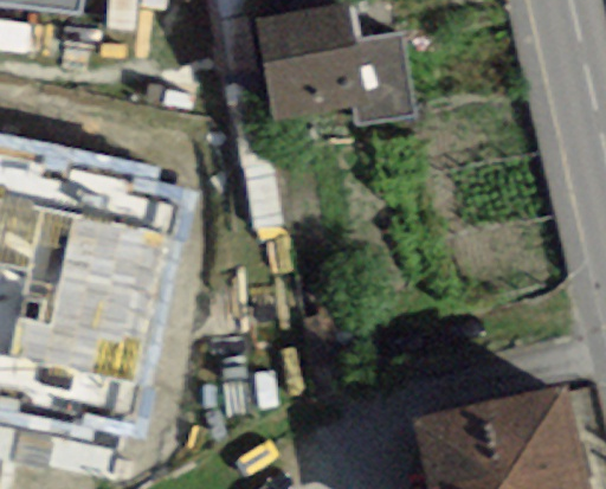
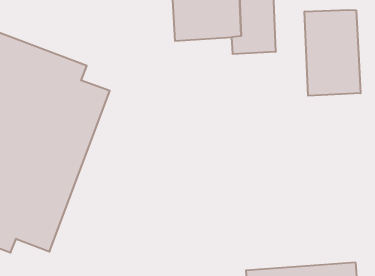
building: none -> [305,10,361,96]

